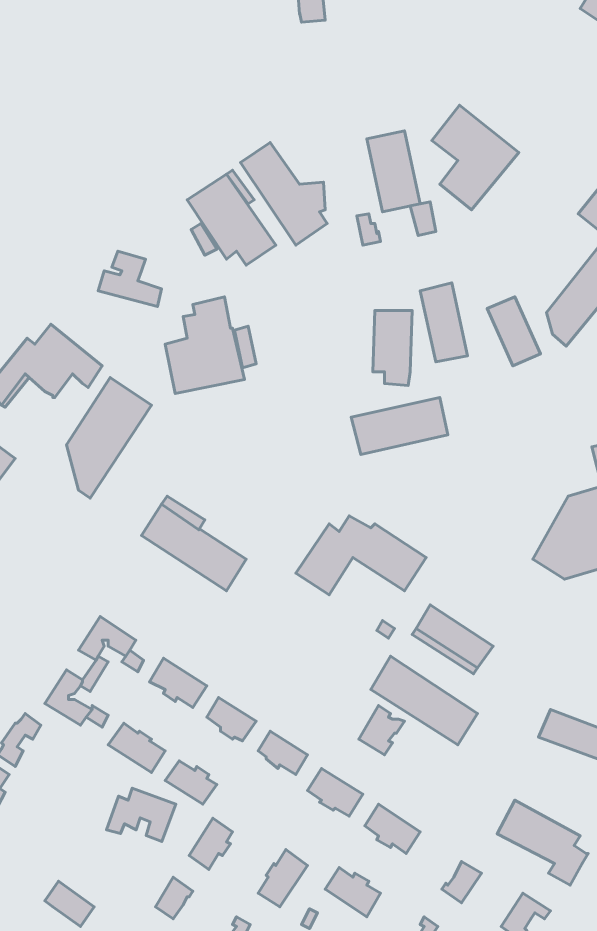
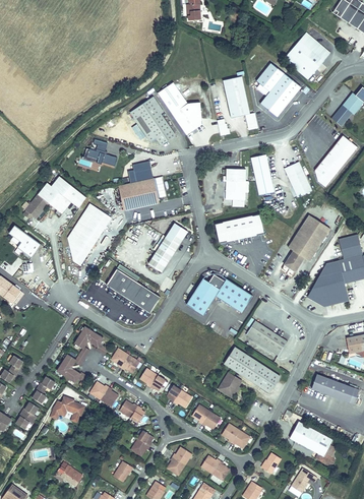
building: none -> [284,33,330,79]
building: none -> [285,214,330,271]
building: none -> [147,224,188,273]
building: [107,788,176,842] -> [50,396,85,424]

